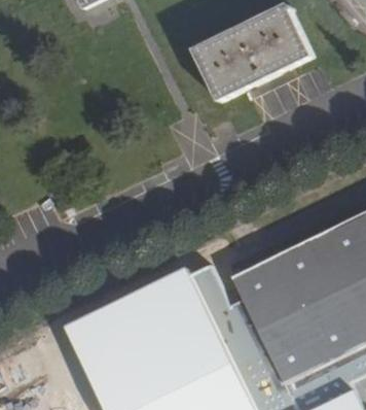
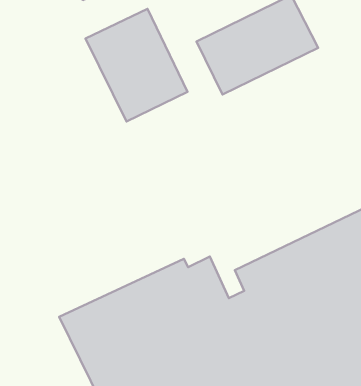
building: none -> [86,9,188,122]

